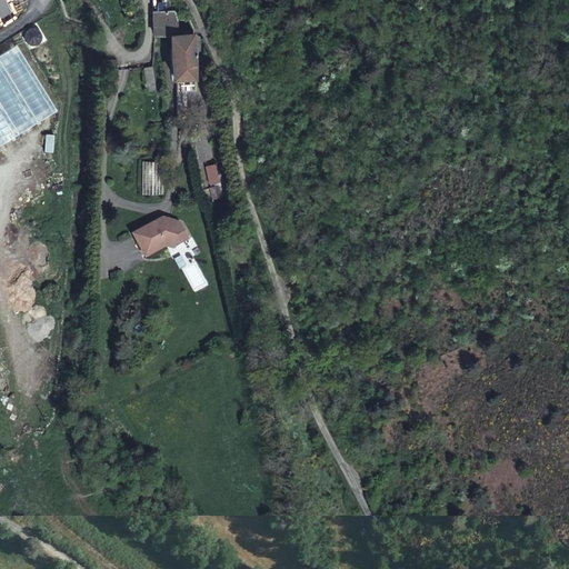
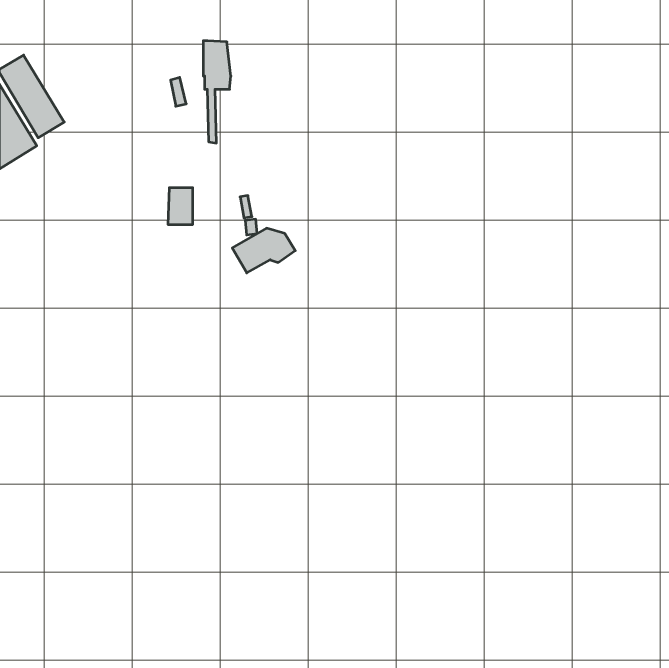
building: [153,16,177,40] -> none
building: [133,216,187,253] -> [232,228,295,273]

